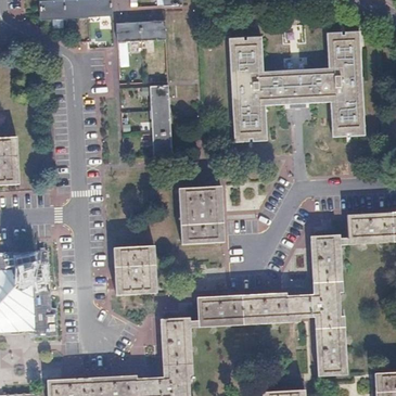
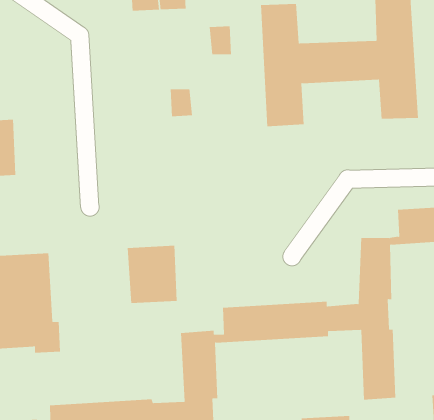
building: [149,86,168,111] -> [209,26,232,55]
building: [152,133,171,158] -> none
building: [179,184,225,243] -> none

